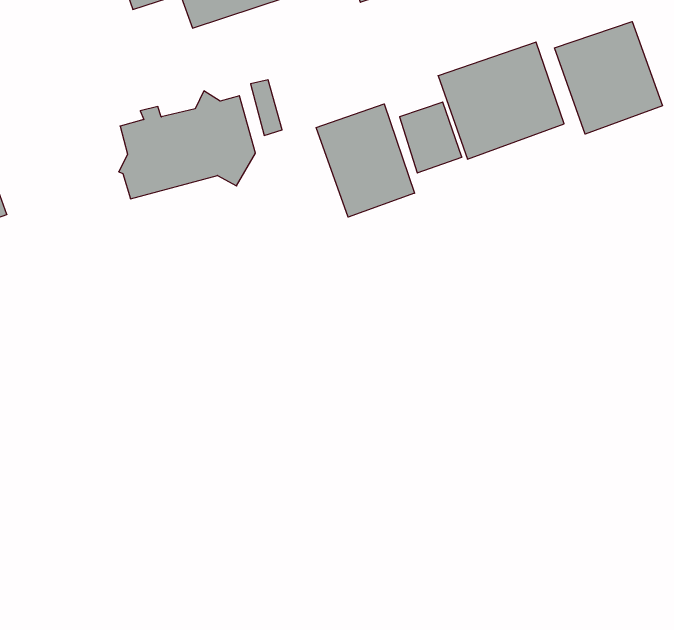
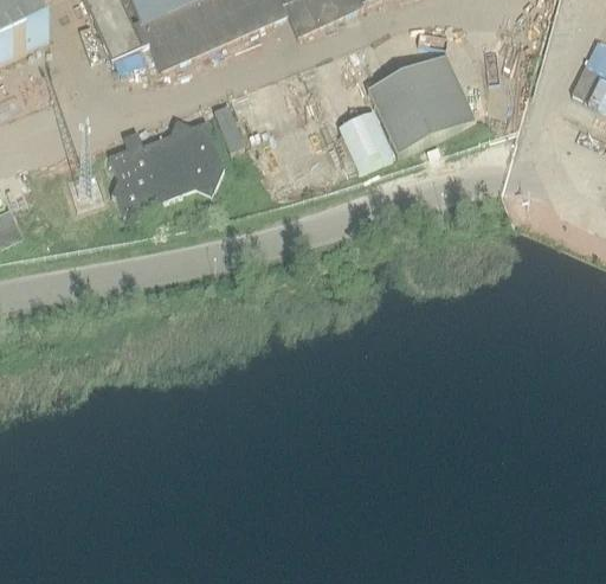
building: [555,22,663,134] -> none
building: [316,104,415,217] -> none

